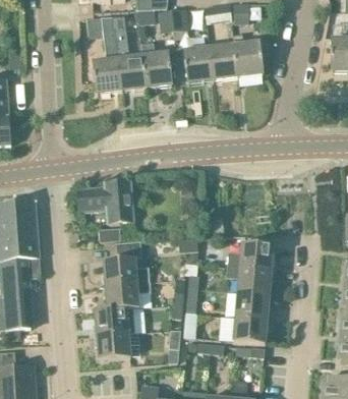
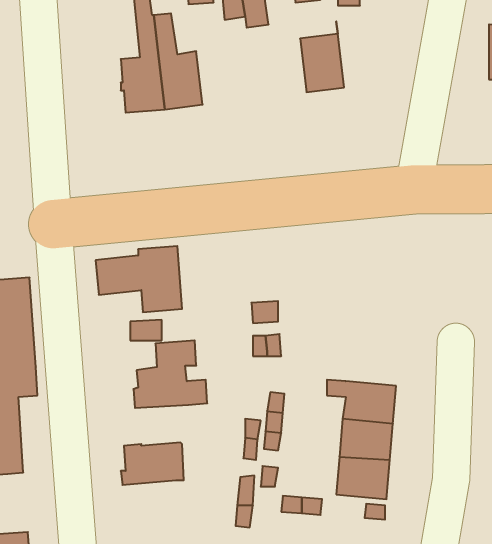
building: [233,33,264,76] -> none
building: [141,41,172,88] -> none
building: [184,45,214,82] -> none
building: [227,241,275,270] -> none
building: [103,281,152,308] -> none
building: [95,331,131,358] -> none

